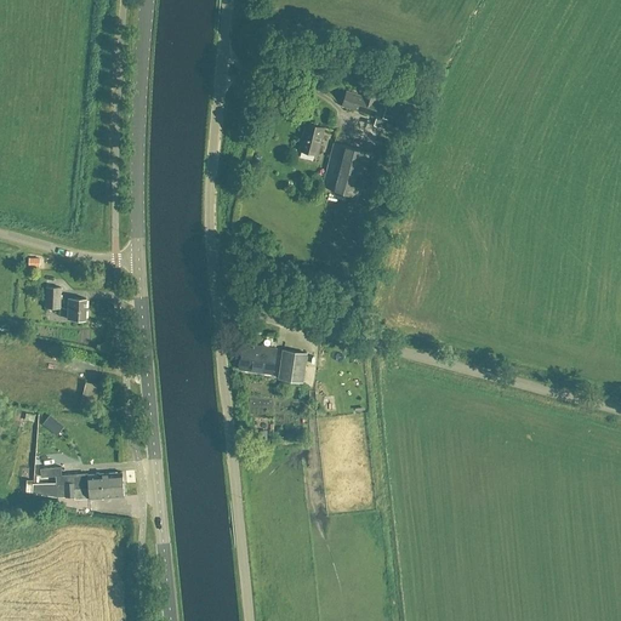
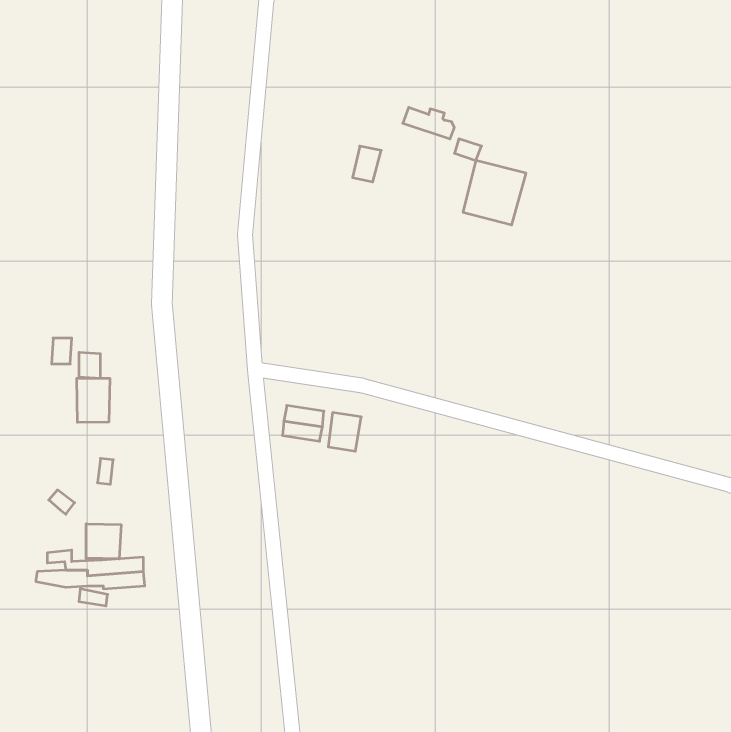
building: [321,142,375,196] -> [463,160,526,225]
building: none -> [77,378,110,422]
building: none -> [86,524,121,559]

